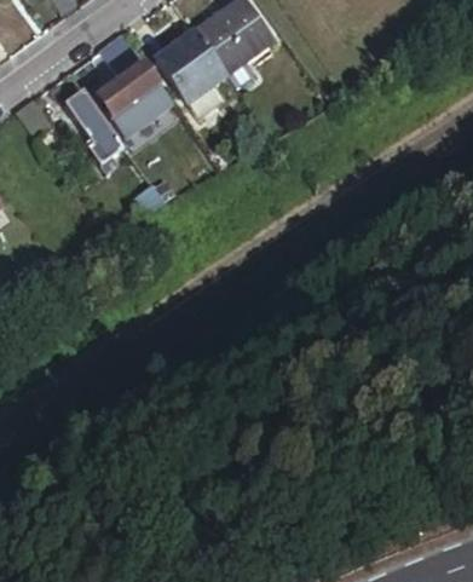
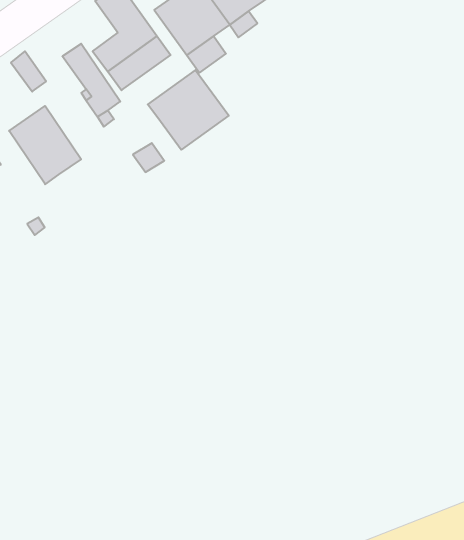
building: none -> [148,70,229,150]
building: none -> [9,106,81,184]

